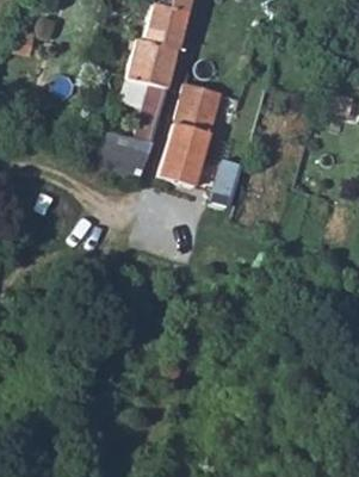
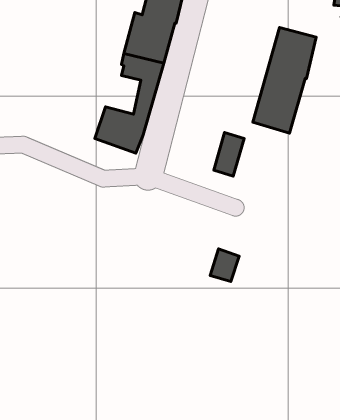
building: [161,81,223,185] -> [253,28,316,133]

